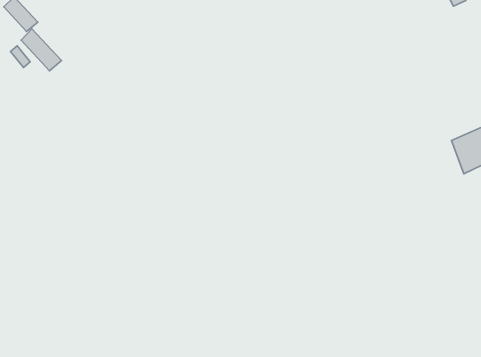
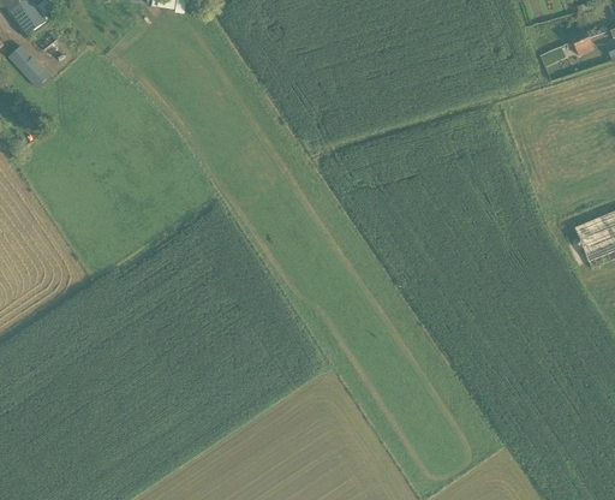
building: [21,29,61,71] -> none

